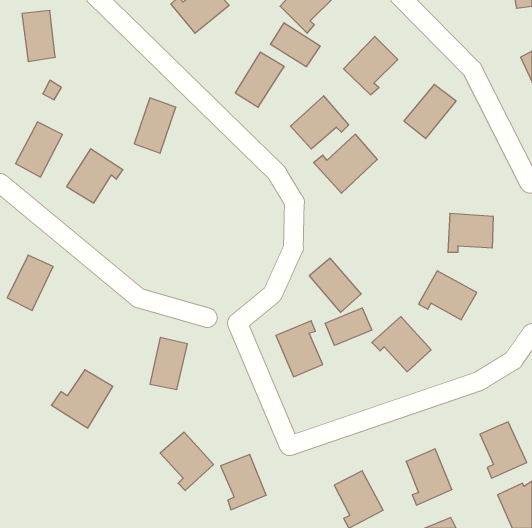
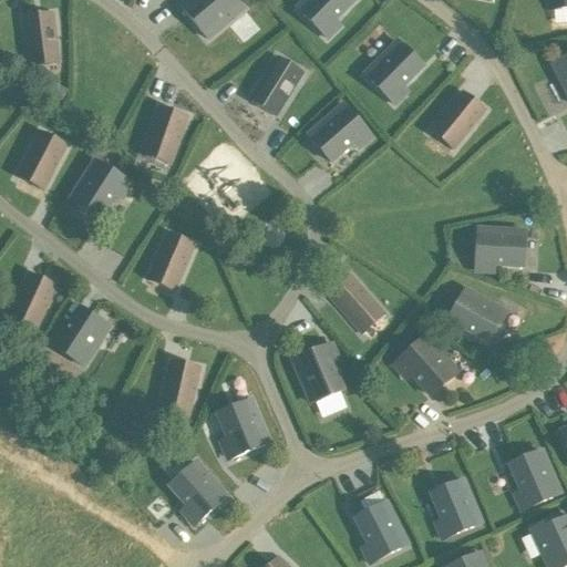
building: [270,23,320,67] -> none
building: [314,134,377,193] -> none
building: none -> [147,230,194,289]
building: [325,308,372,345] -> none
building: [51,370,113,428] -> [45,308,111,370]
building: [221,454,266,510] -> [219,398,268,456]

